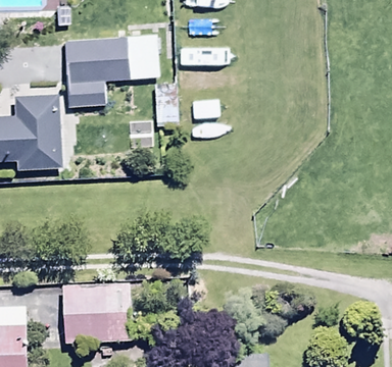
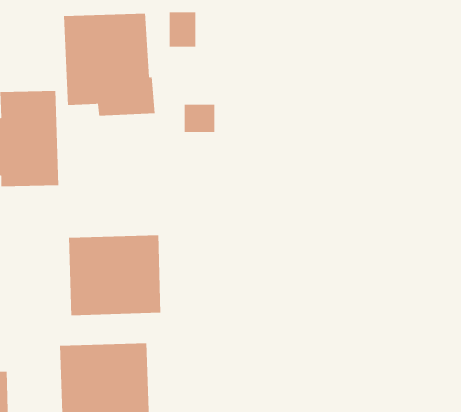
building: none -> [69,234,161,316]

